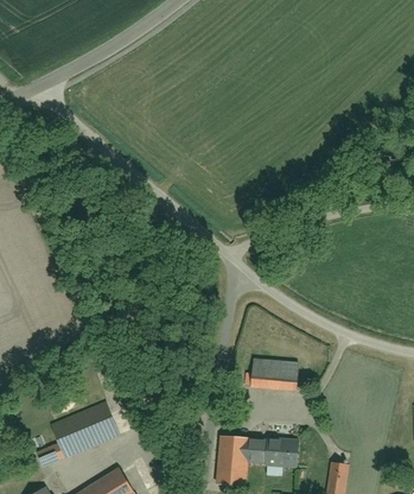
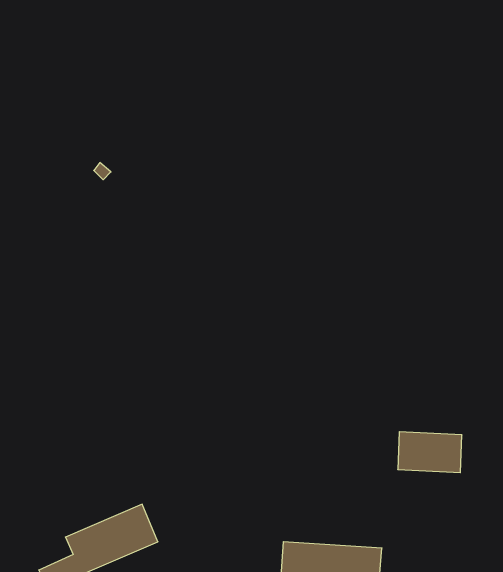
building: [248,359,297,390] -> [398,432,462,473]

